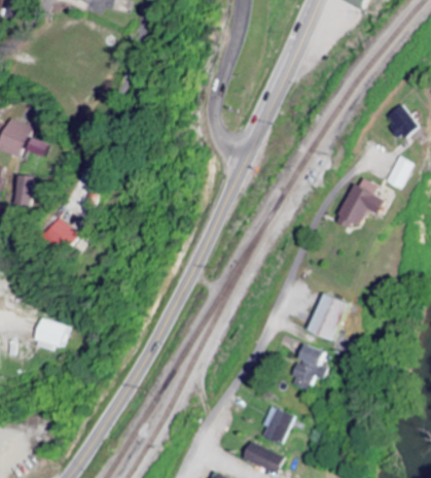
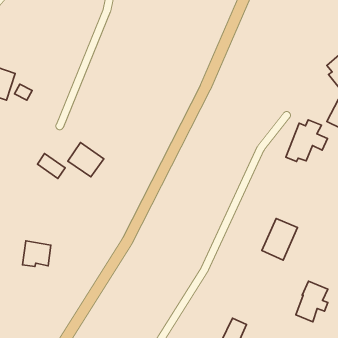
building: [12,175,30,206] -> none
building: none -> [68,142,104,177]
building: [290,344,327,391] -> [296,281,328,322]

